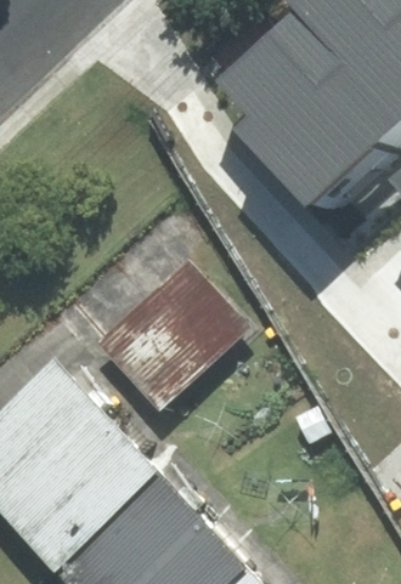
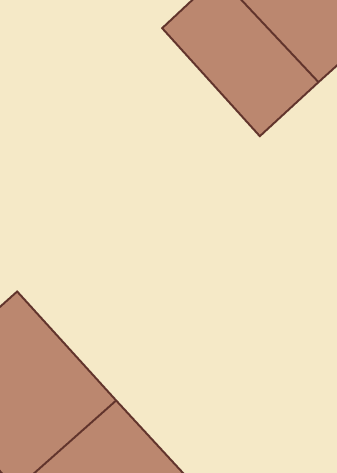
building: [98,260,250,408] -> none

